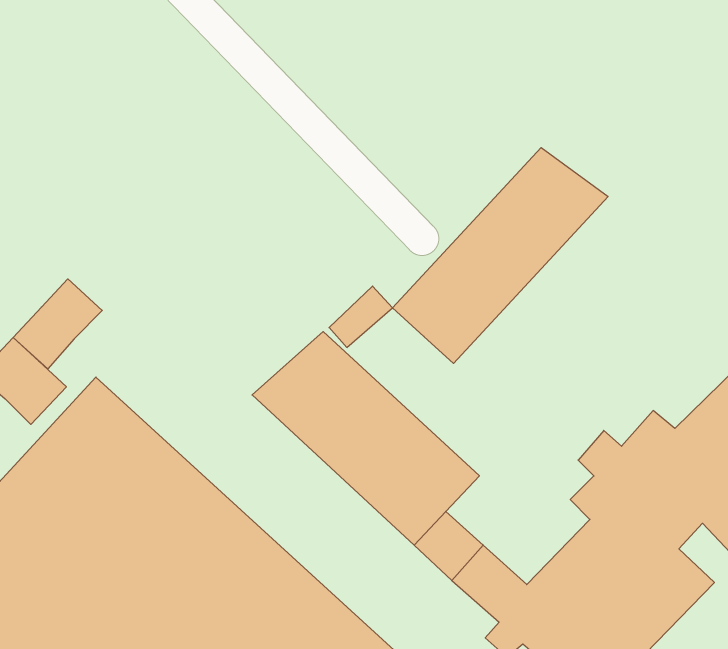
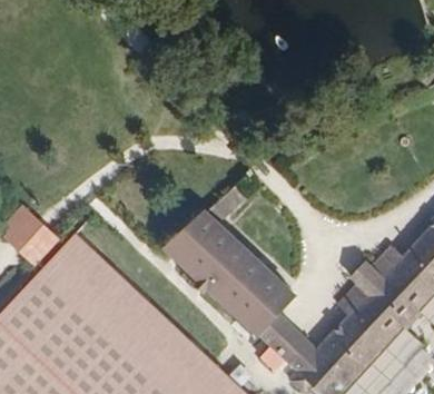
building: [392,148,608,363] -> none
building: [13,279,102,369] -> none

